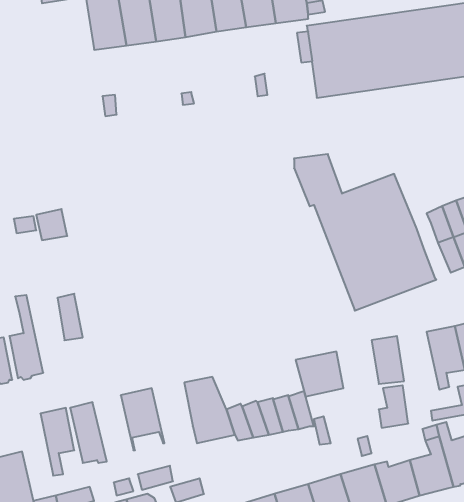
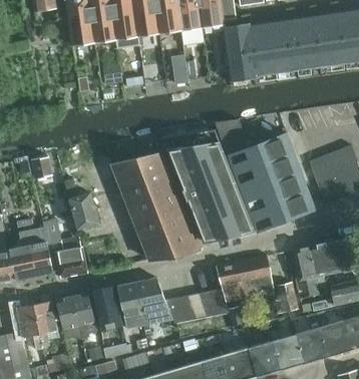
building: none -> [161,129,254,242]
building: none -> [111,151,199,260]
building: none -> [63,177,98,228]
building: none -> [23,218,52,275]
building: none -> [292,246,319,296]
building: none -> [54,247,86,277]
building: none -> [244,256,273,292]
building: none -> [115,282,144,329]
building: none -> [70,292,95,338]
building: none -> [15,304,42,349]

